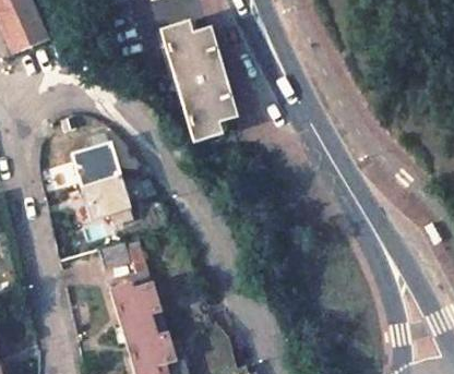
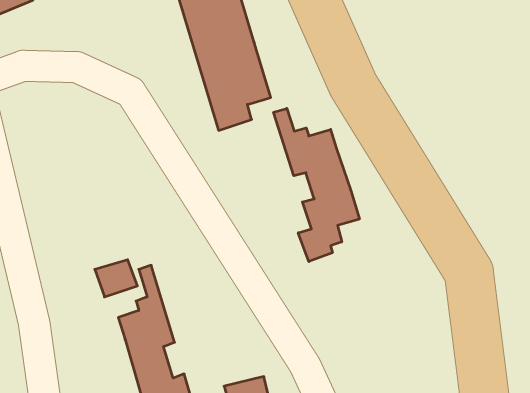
building: none -> [274,108,359,262]
building: [75,142,135,233] -> none

